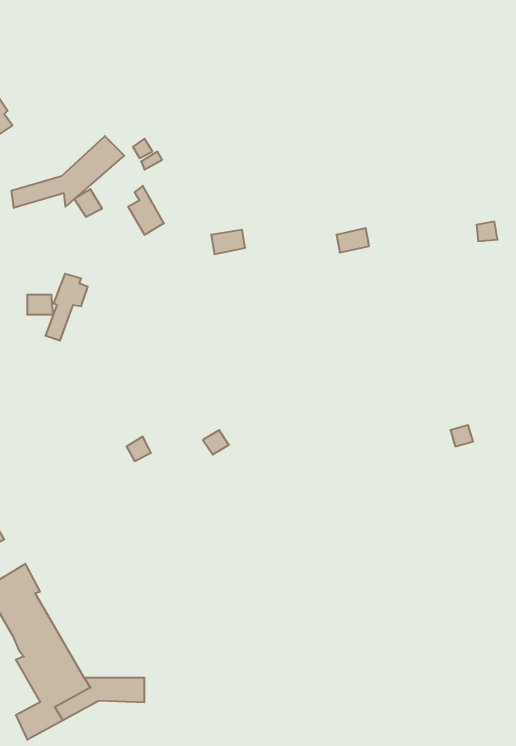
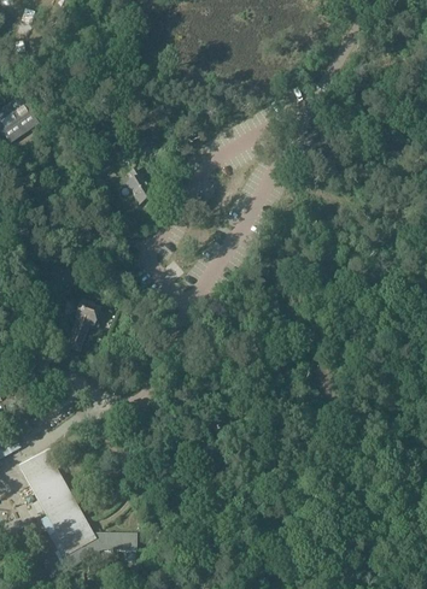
building: [11,136,124,208] -> none
building: [45,274,88,341] -> [68,302,99,352]

